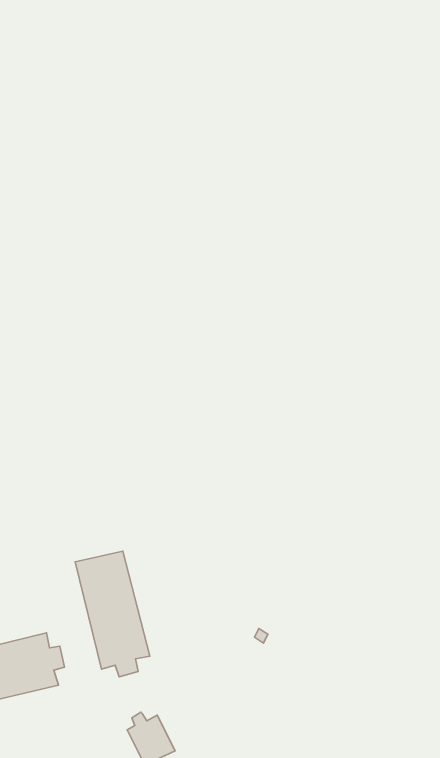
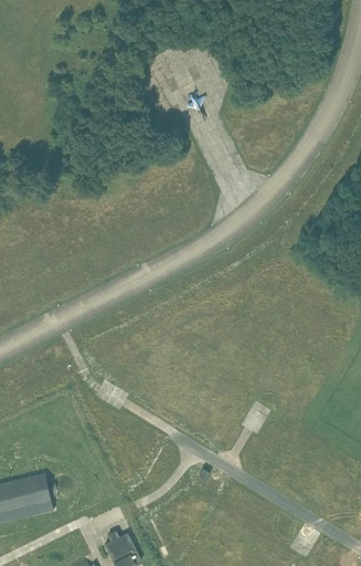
building: [75,551,150,677] -> none

